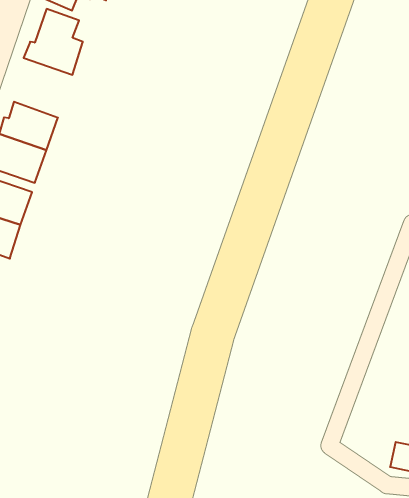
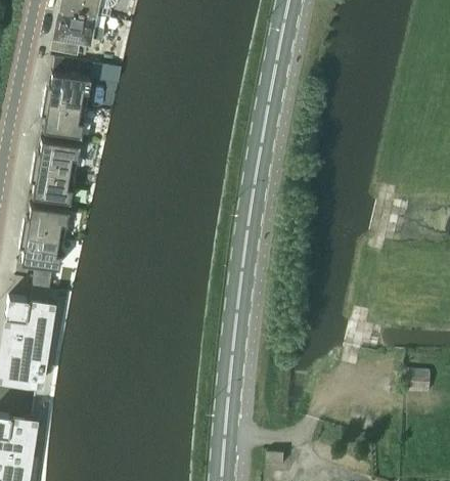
building: none -> [40,103,85,139]

